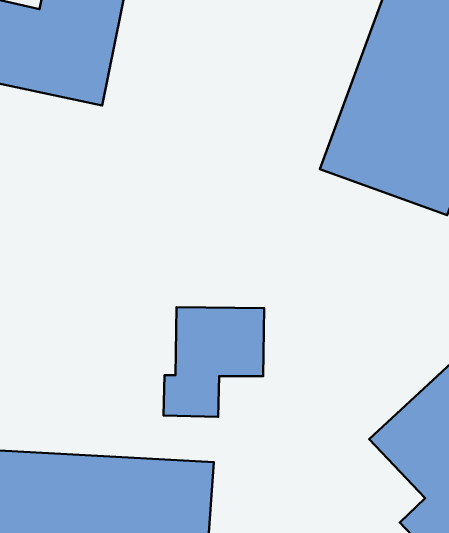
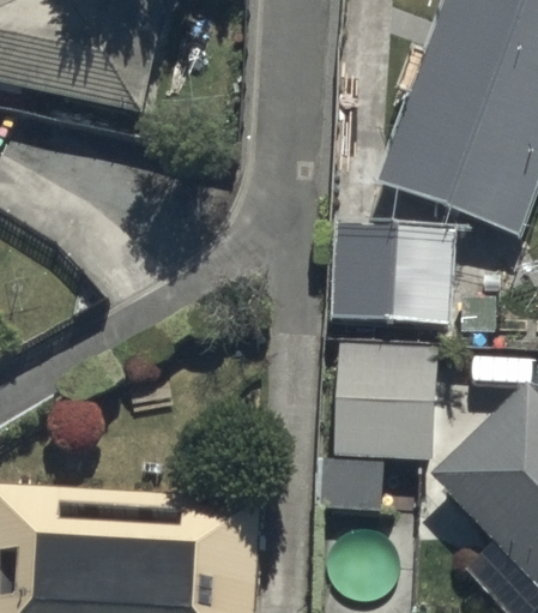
building: none -> [332,233,494,330]
building: [163,307,264,417] -> [320,386,430,506]

